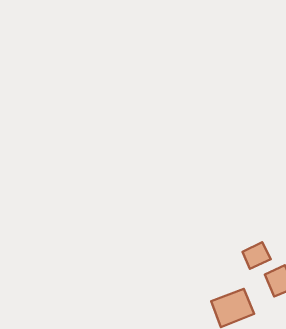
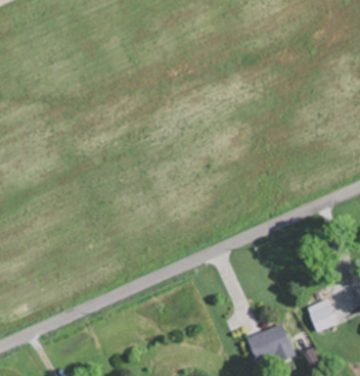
building: [242,242,271,269] -> none

